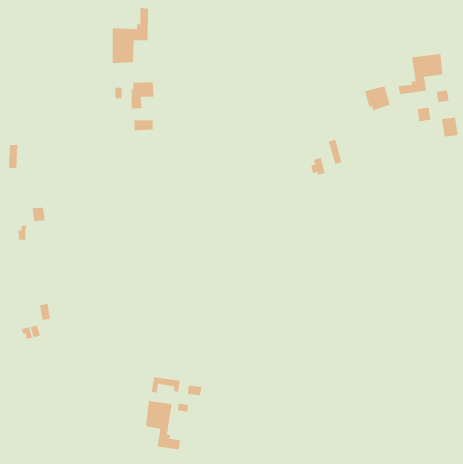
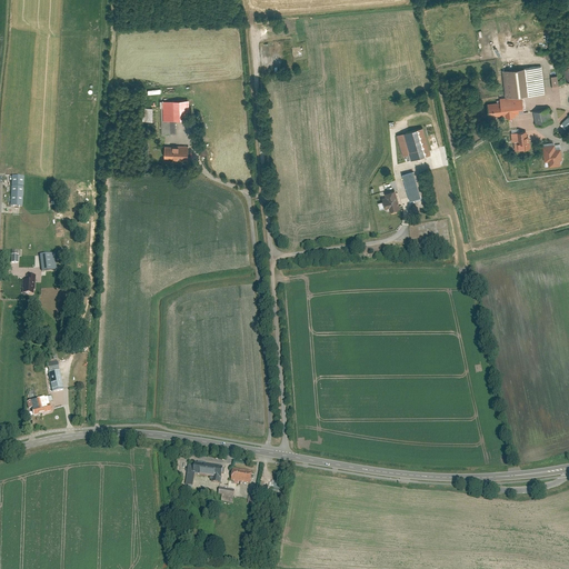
building: [112,7,148,64] -> none
building: [364,86,391,111] -> [396,129,428,160]
building: [145,400,181,450] -> none

